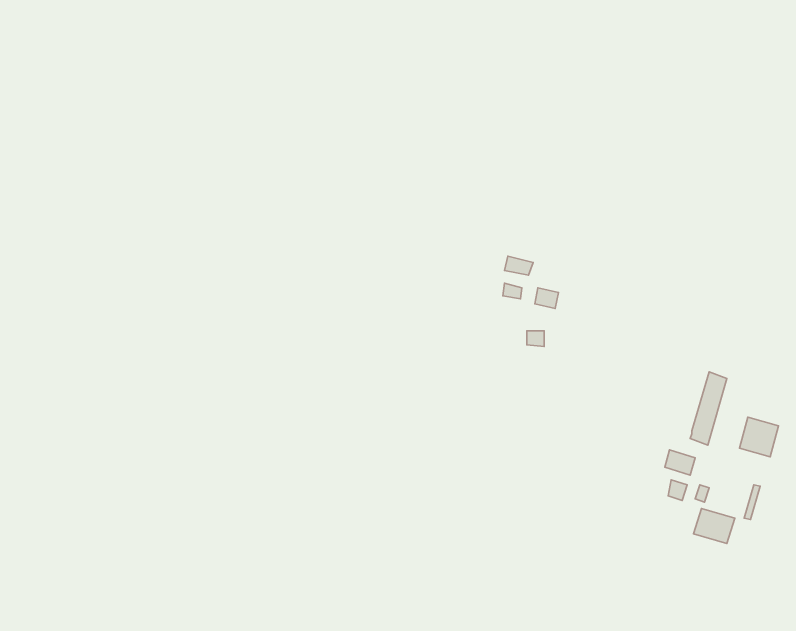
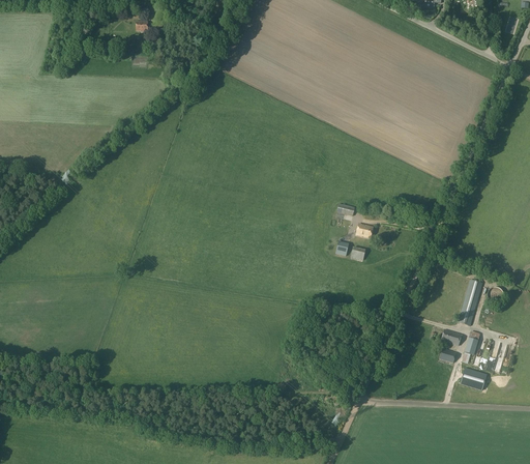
building: [740,417,778,457] -> none

